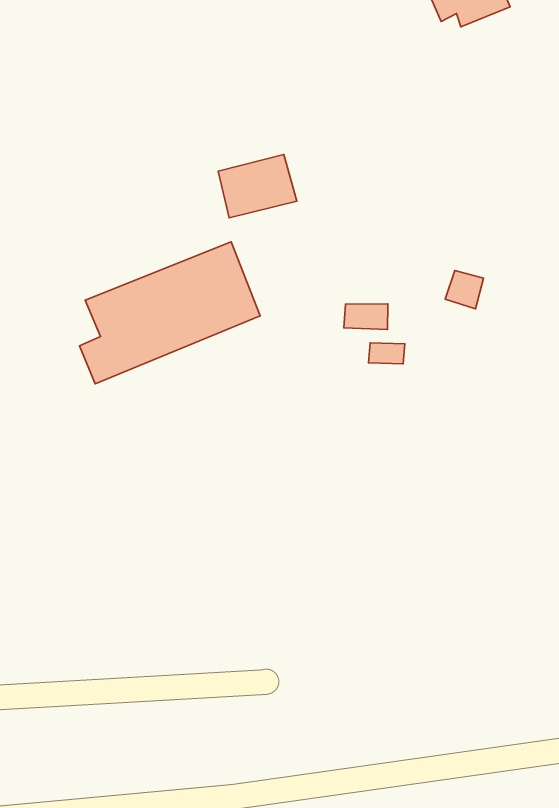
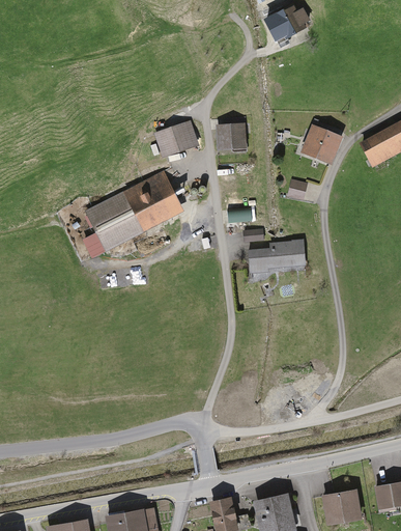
building: none -> [214,124,245,152]
building: none -> [297,124,341,167]
building: none -> [247,240,305,272]

